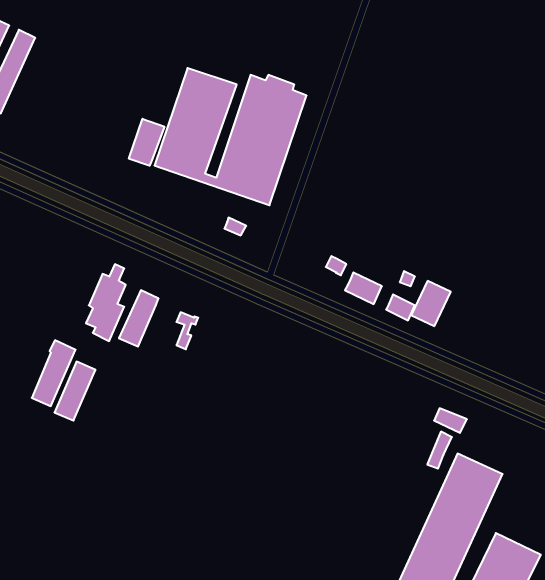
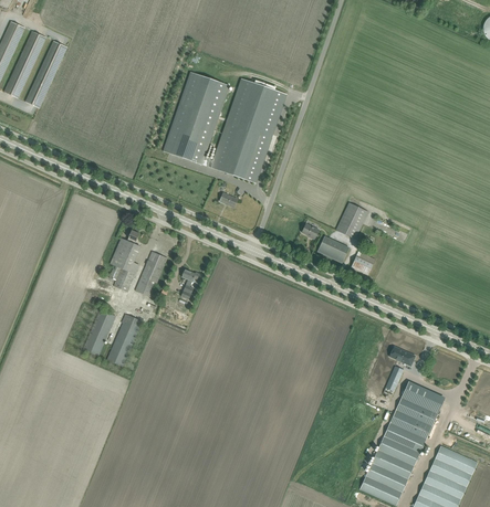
building: [129,119,164,166] -> none
building: [411,281,451,326] -> [335,202,367,239]
building: [32,340,76,406] -> [106,313,142,366]

